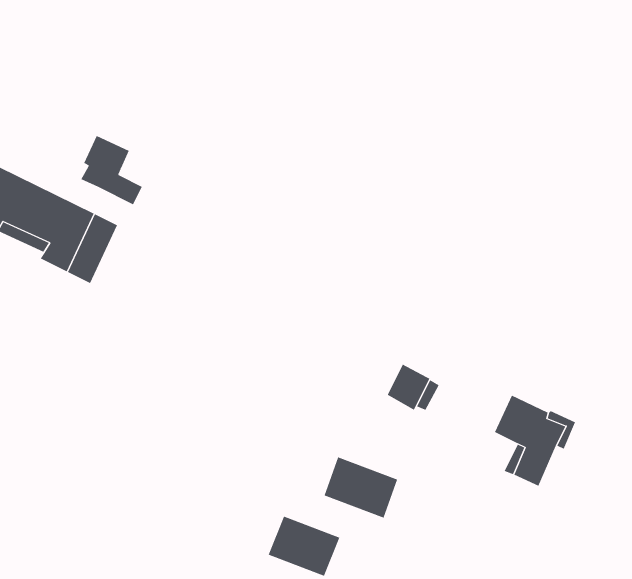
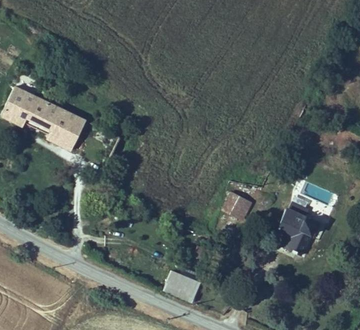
building: [80,135,142,205] -> none
building: [324,456,398,518] -> none

